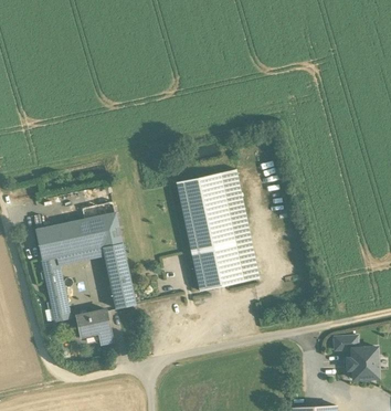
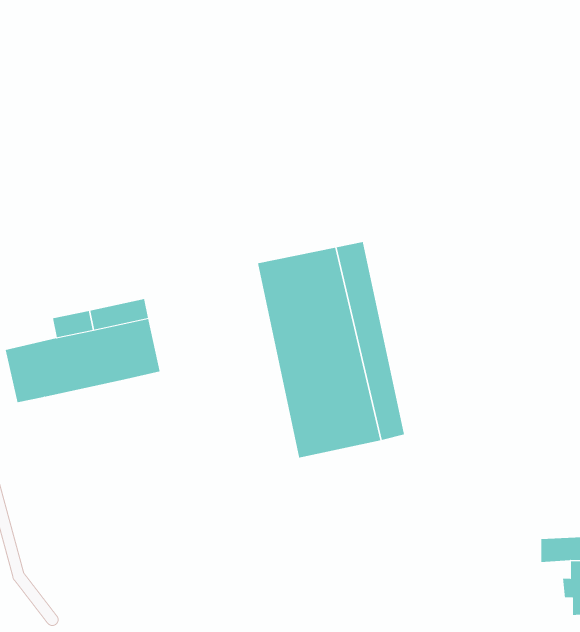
building: [104,243,136,309] -> none
building: [42,257,71,322] -> none
building: [76,309,114,345] -> none

